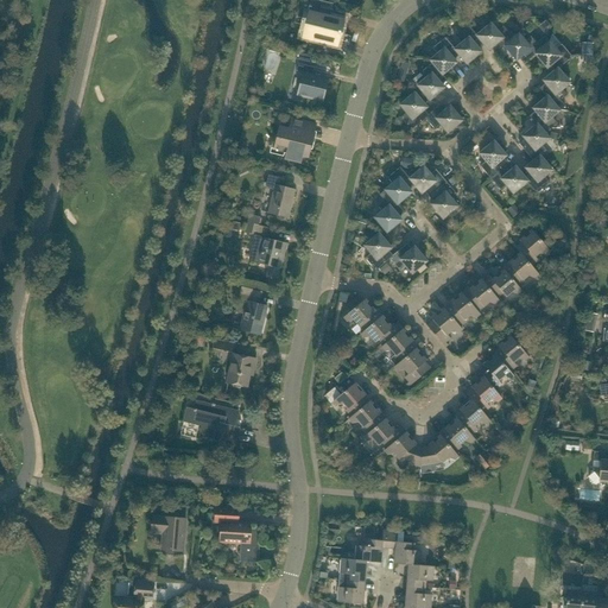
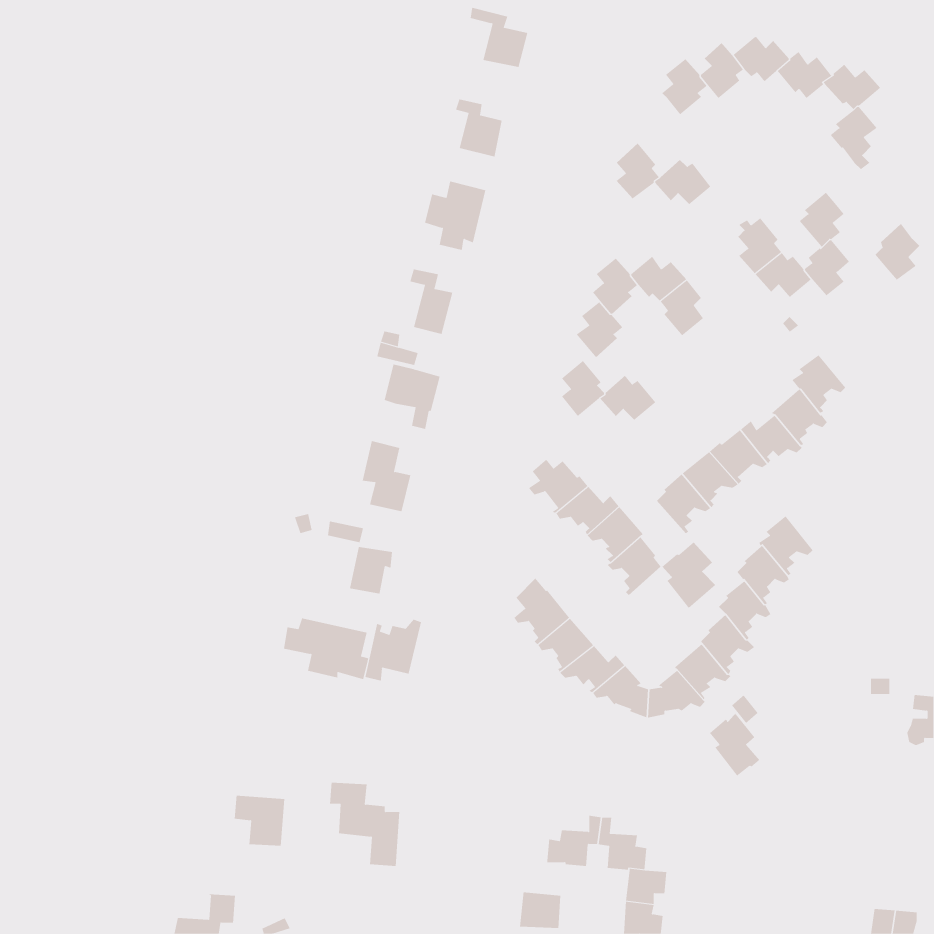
building: [412,63,446,100] -> none
building: [530,96,559,133] -> [875,224,920,280]
building: none -> [662,541,716,609]
building: none -> [365,619,422,682]
building: none -> [709,712,760,776]
building: [340,558,367,582] -> none

